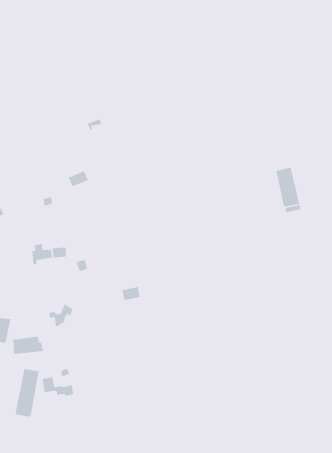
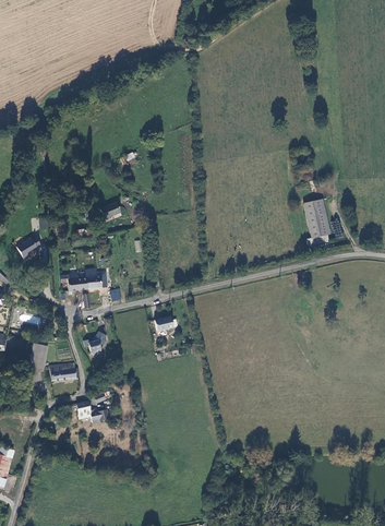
building: [15,368,40,418] -> none

